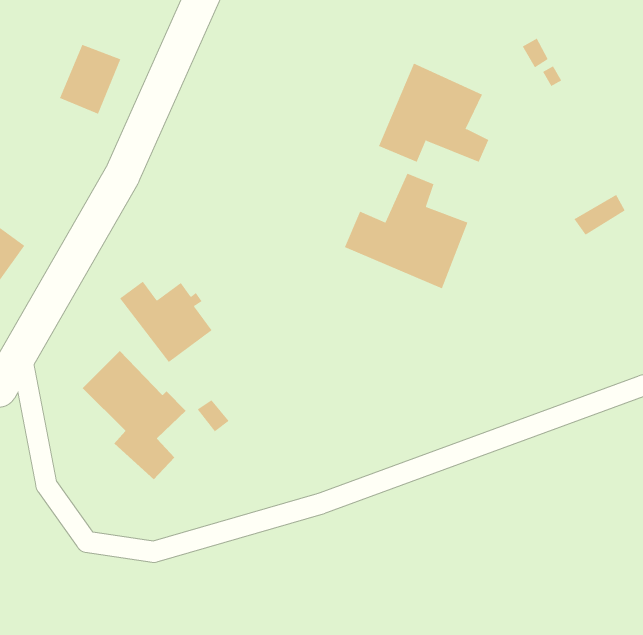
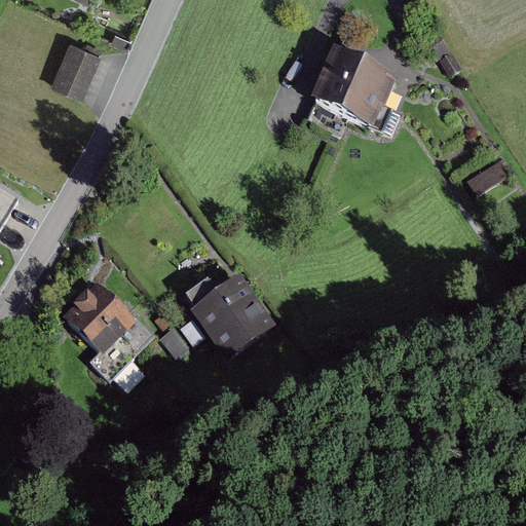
building: [344,173,468,289] -> none
building: [119,281,213,363] -> [189,284,265,350]

